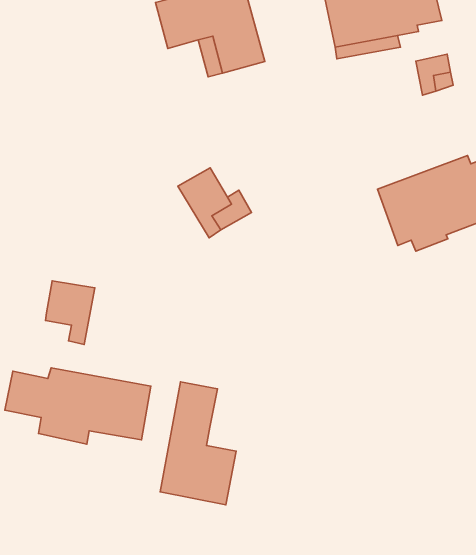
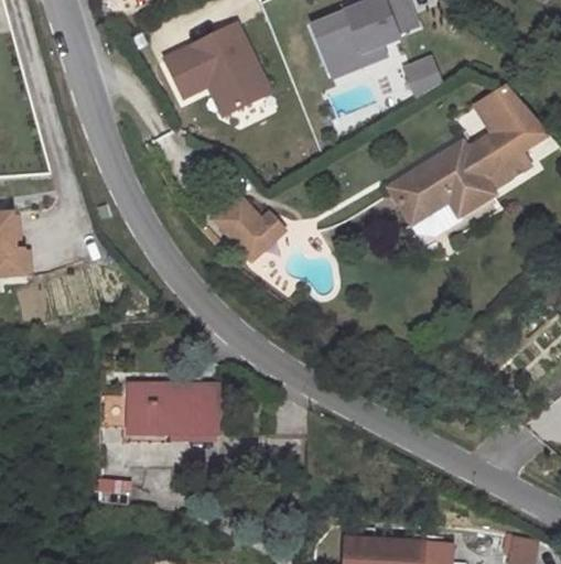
building: [45,281,95,345] -> none
building: [160,382,236,505] -> none

